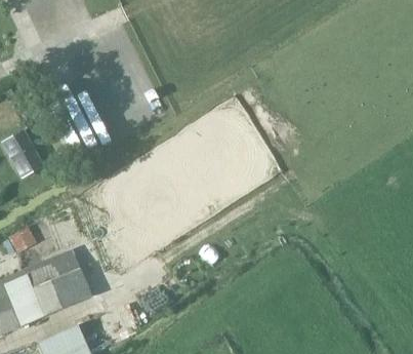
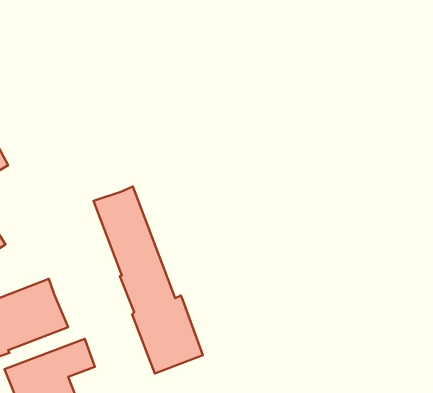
building: none -> [93,186,203,373]

